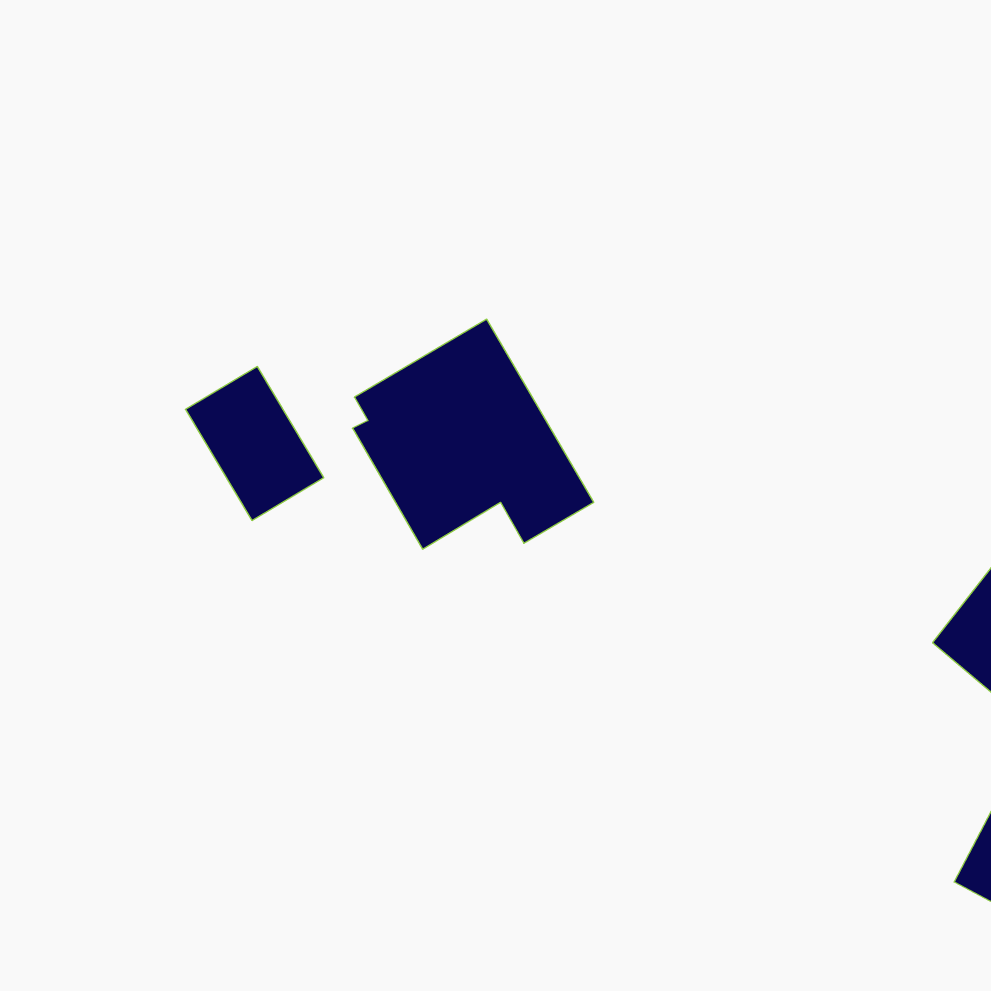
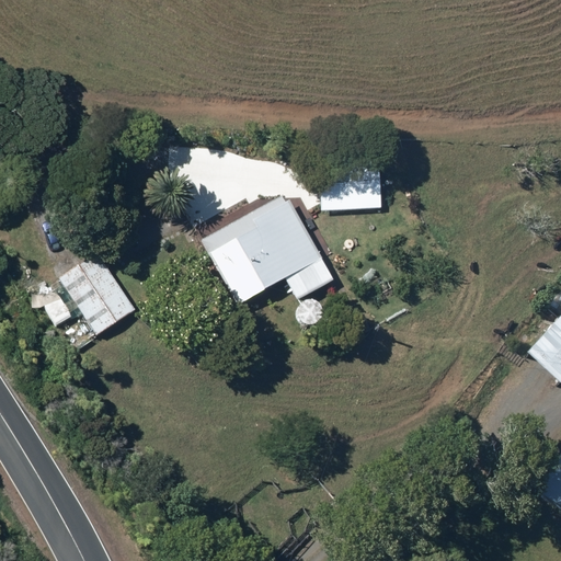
building: none -> [322,161,379,209]
building: [185,367,324,520] -> [60,253,138,340]

